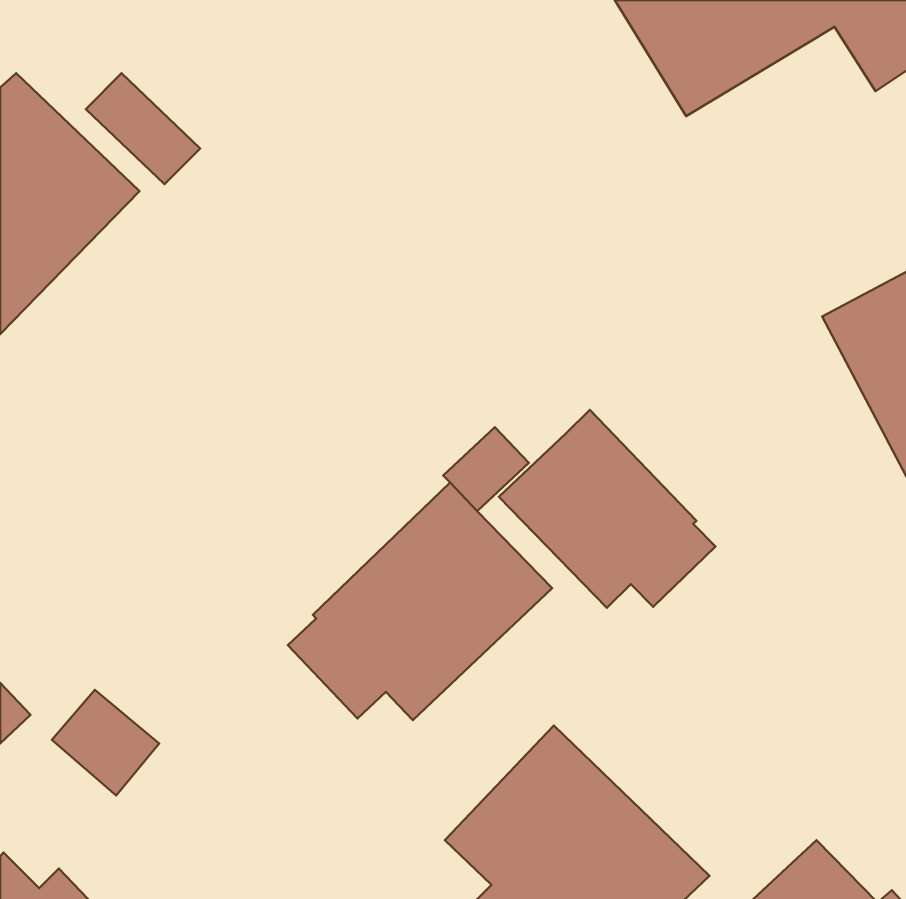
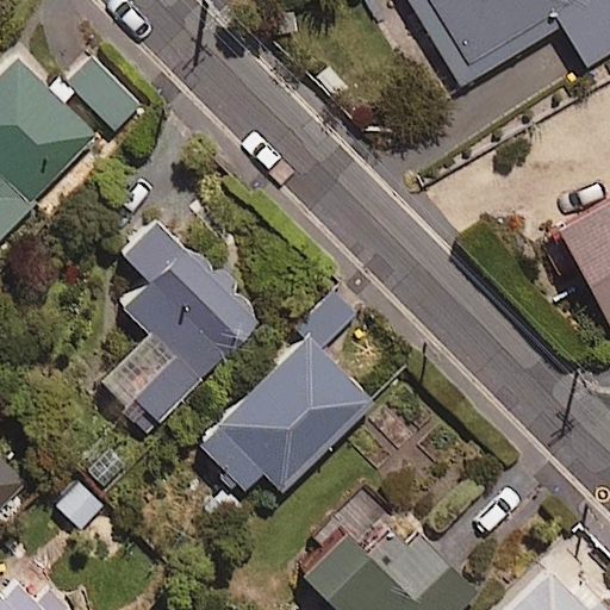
building: none -> [120,218,257,435]
building: [499,410,715,608] -> none

